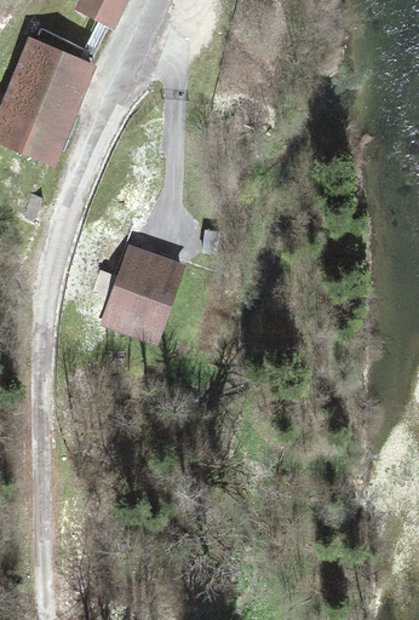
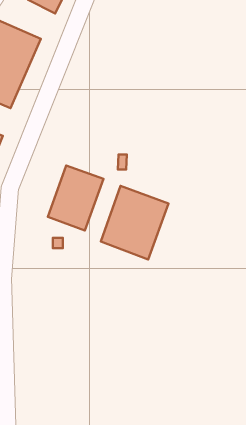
building: none -> [101,186,168,259]

